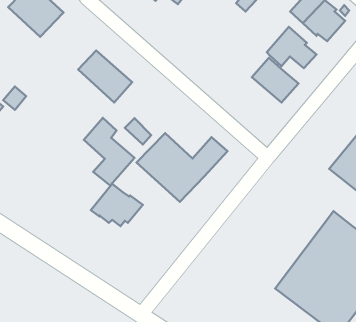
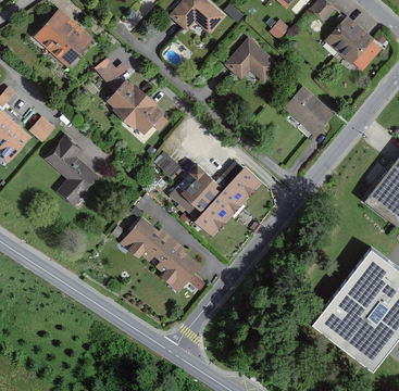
building: [267,27,316,68] -> [225,38,276,80]
building: none -> [93,58,127,86]
building: [84,118,135,185] -> [46,136,98,205]
building: none -> [154,238,201,293]

